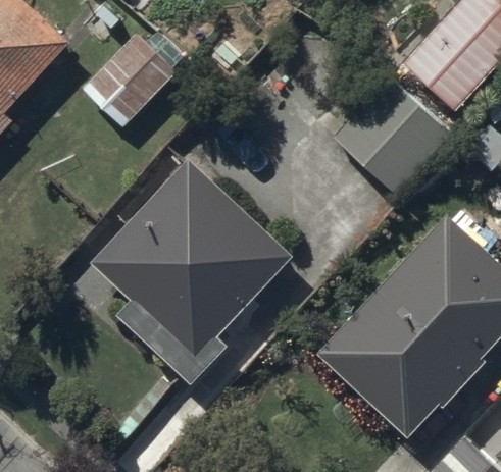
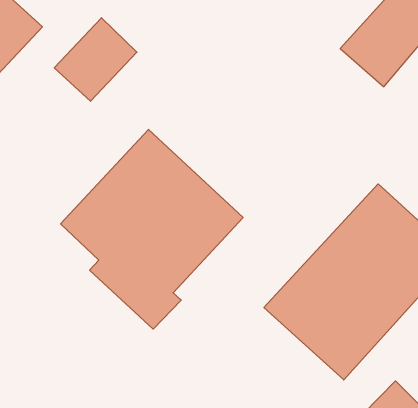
building: [335,77,448,191] -> none

